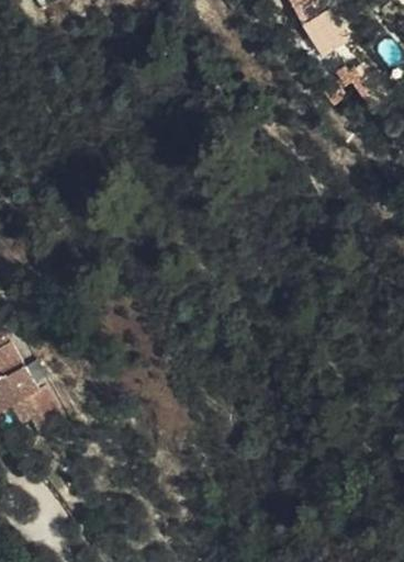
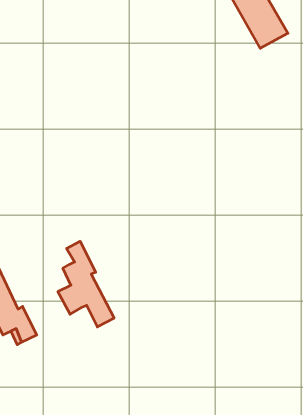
building: none -> [58,241,114,327]

